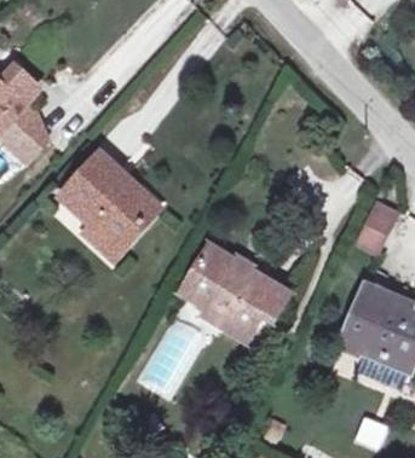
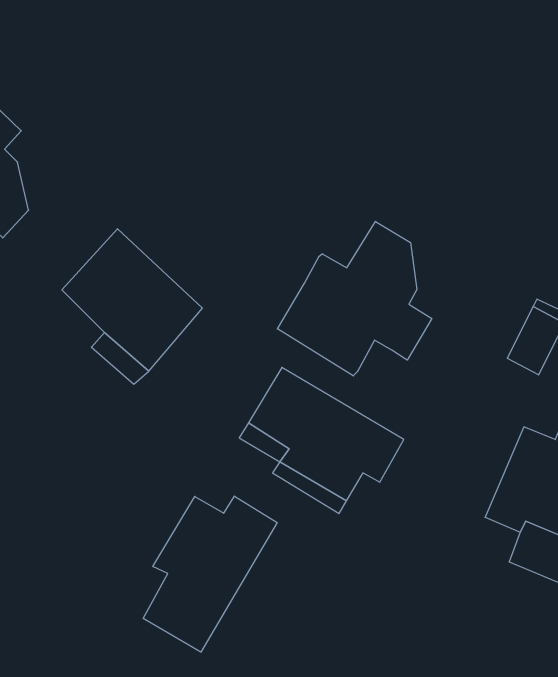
building: none -> [277,221,432,376]
building: none -> [143,496,277,652]

